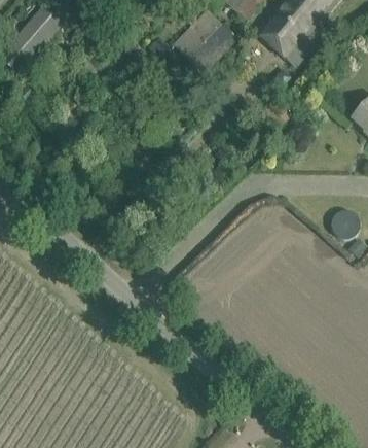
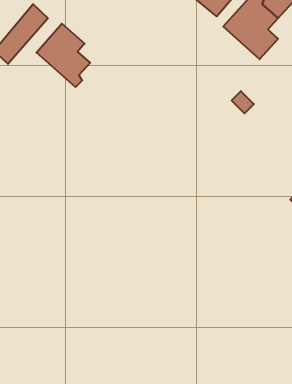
building: [175,12,234,72] -> none
building: none -> [36,24,90,87]

